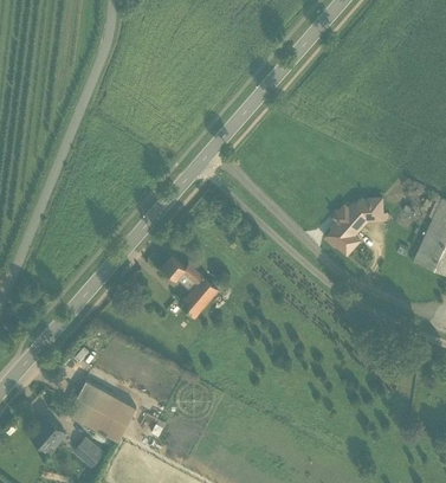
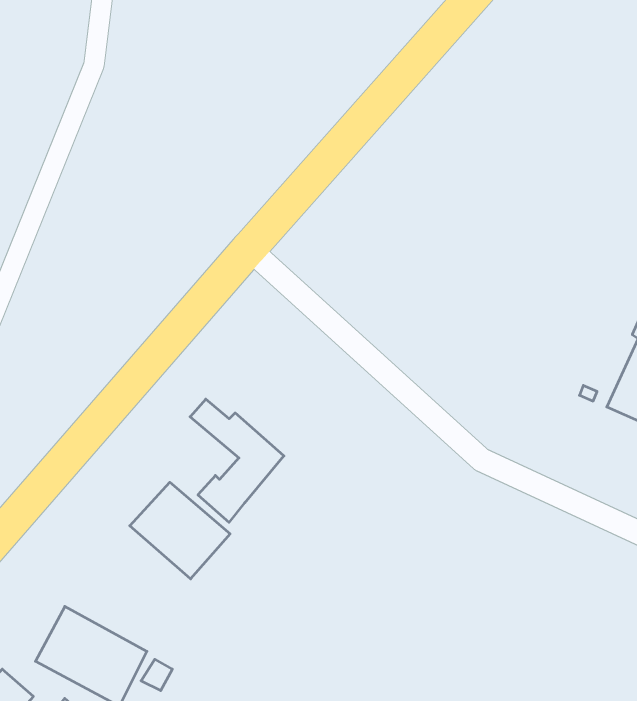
building: [325,199,388,255] -> none
building: none -> [130,482,230,579]

